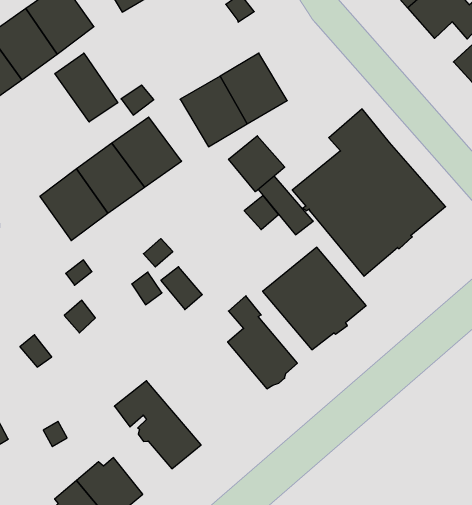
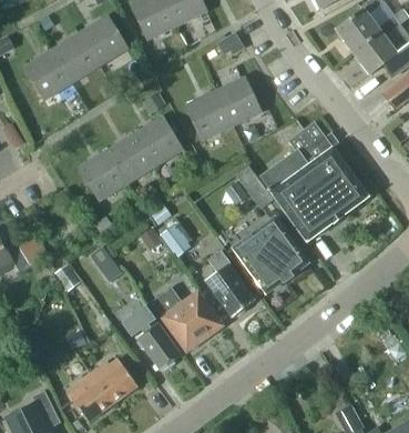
building: [55,53,118,122] -> none
building: [229,136,285,192] -> none
building: none -> [152,289,221,350]

